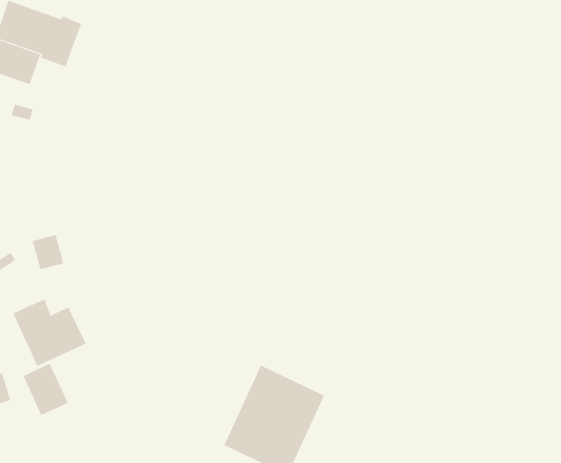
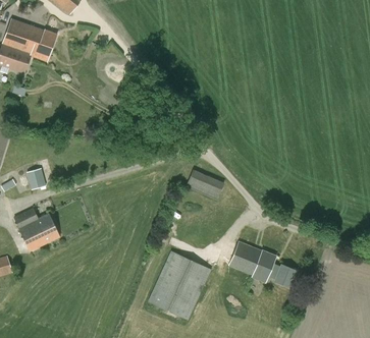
building: none -> [184,169,224,201]
building: none -> [228,241,296,287]
building: [23,363,68,416] -> none

